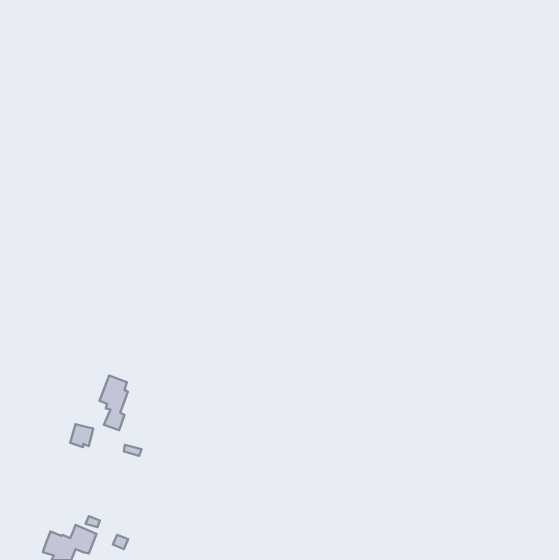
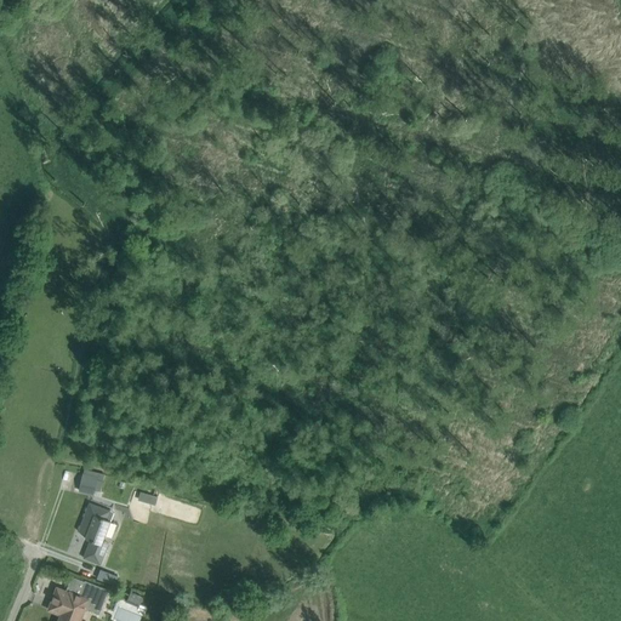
building: [99,375,128,430] -> [78,503,109,564]

